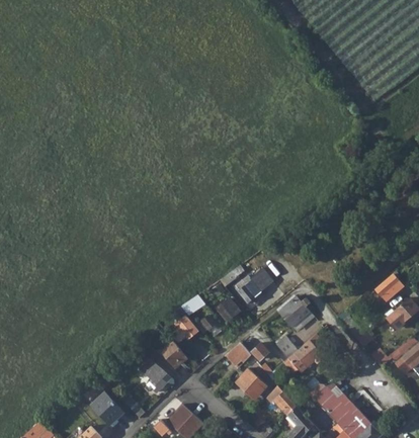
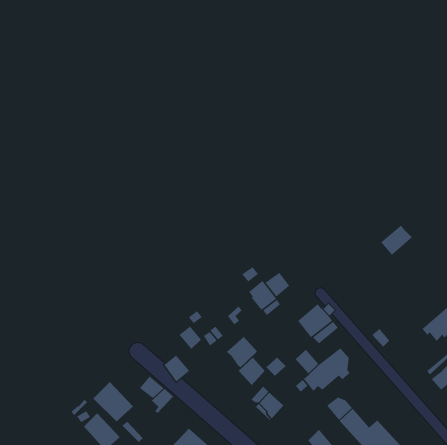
building: [375,275,404,302] -> [380,225,413,256]
building: none -> [226,336,258,368]
building: none -> [92,381,134,422]
building: [270,384,297,415] -> none

